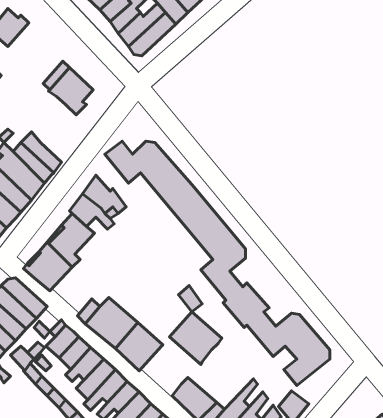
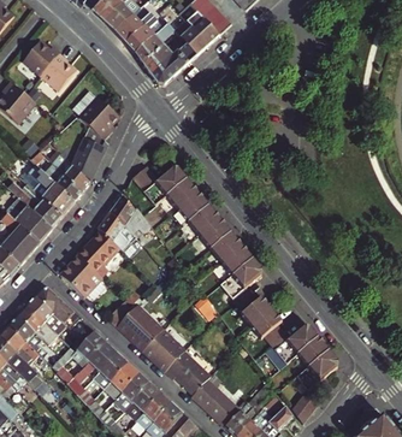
building: none -> [41,54,76,91]
building: none -> [71,129,108,182]
building: [169,312,222,364] -> [161,350,209,398]

